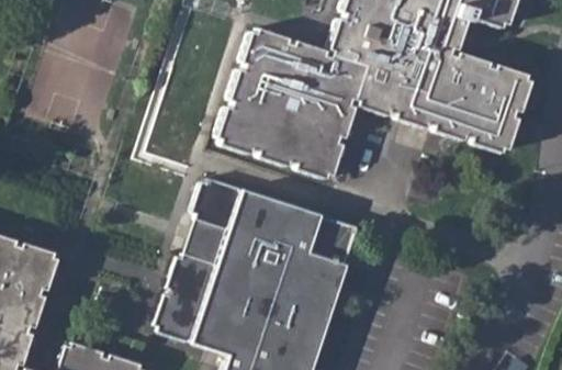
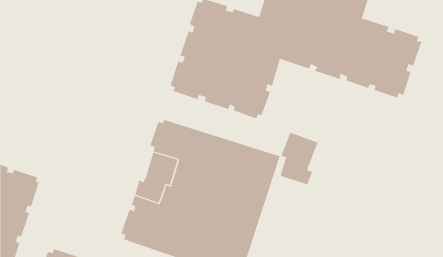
building: none -> [280,132,318,185]

